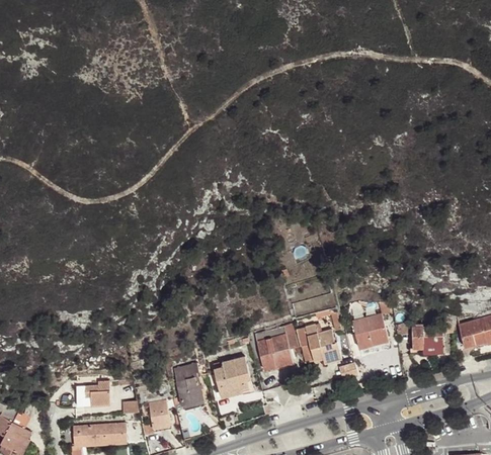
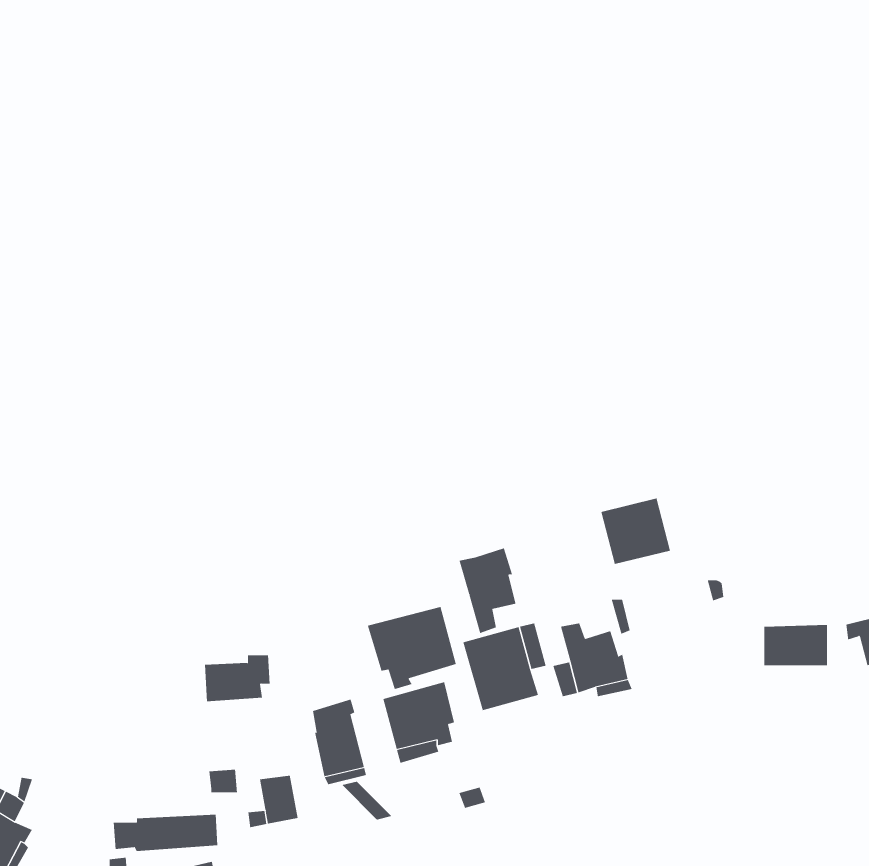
building: none -> [459,547,516,634]
building: [352,314,389,349] -> [600,498,671,564]
building: none -> [367,606,457,690]
building: [76,383,110,407] -> [204,655,271,702]

